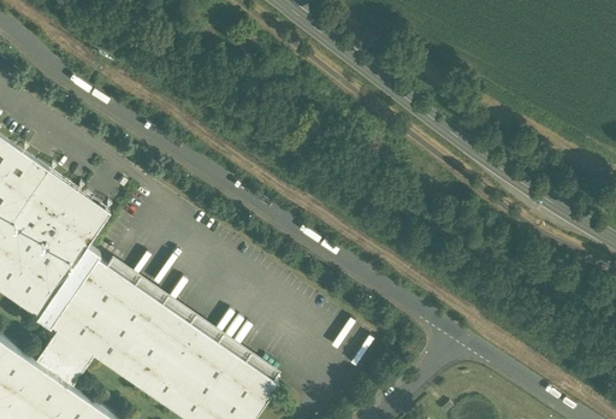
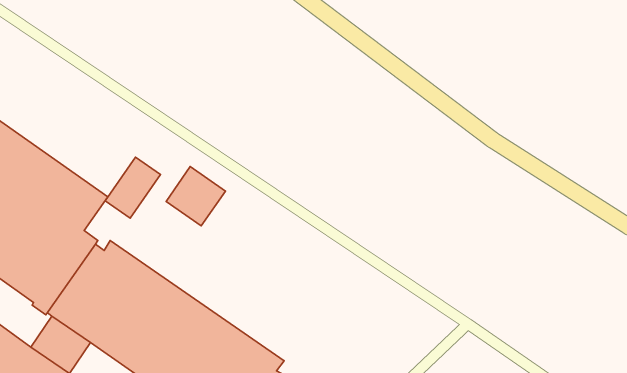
building: none -> [105,157,160,218]
building: none -> [166,167,225,226]

